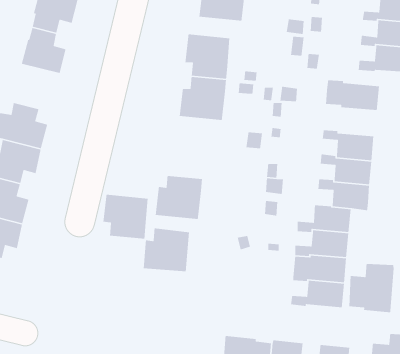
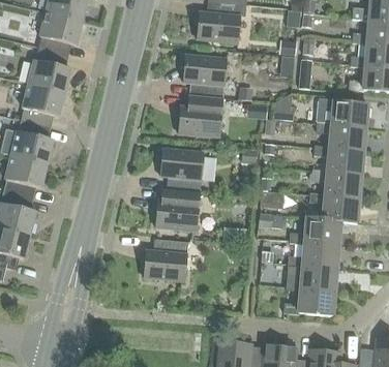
building: none -> [20,83,64,125]
building: none -> [315,121,365,151]
building: [103,194,148,239] -> [159,148,203,191]
building: [348,263,394,313] -> none

